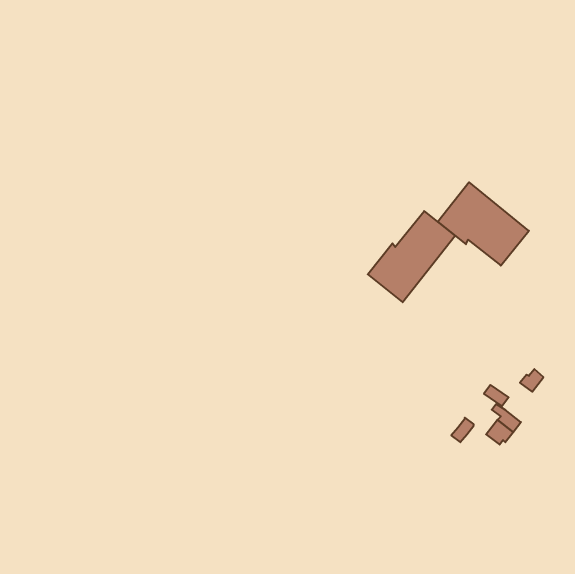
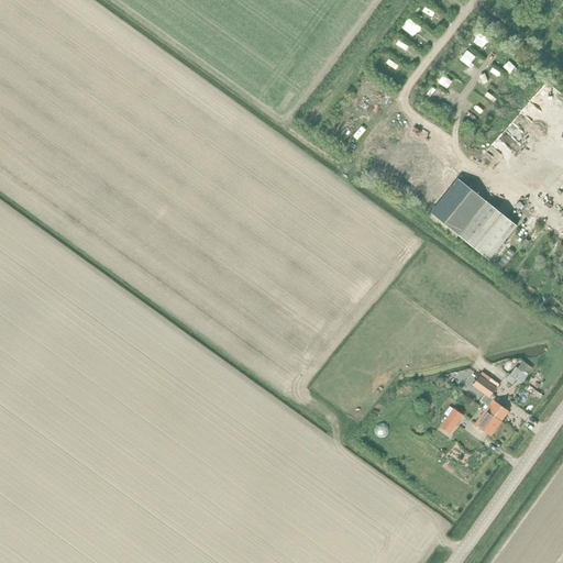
building: [368,211,455,302] -> none

